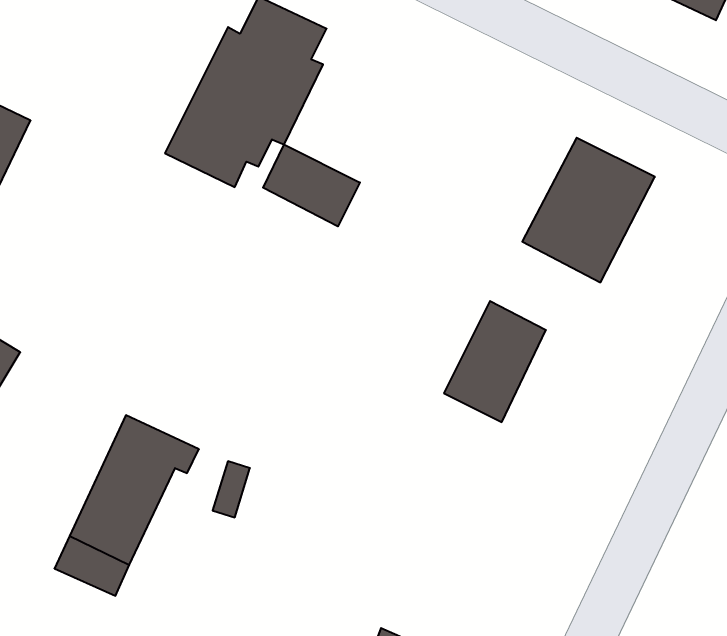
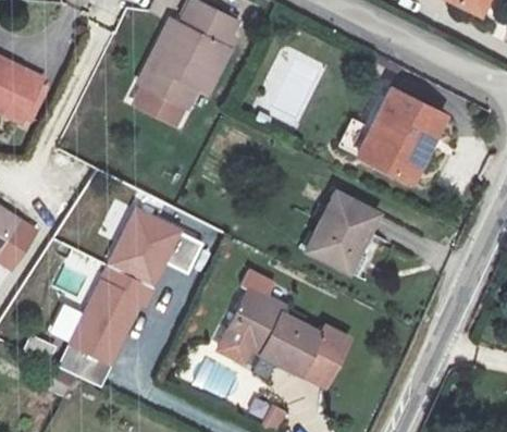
building: [263,145,360,226] -> none
building: none -> [106,207,201,288]
building: none -> [217,288,351,385]

